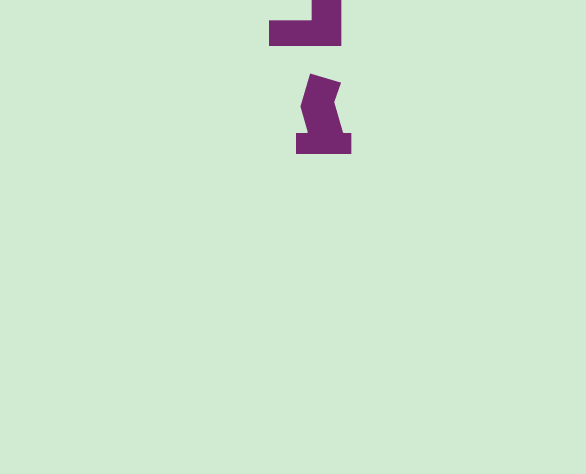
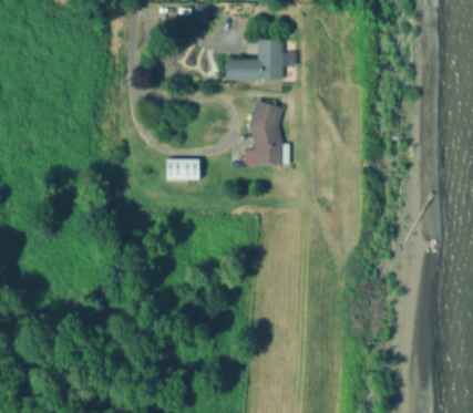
building: none -> [166,157,199,178]

